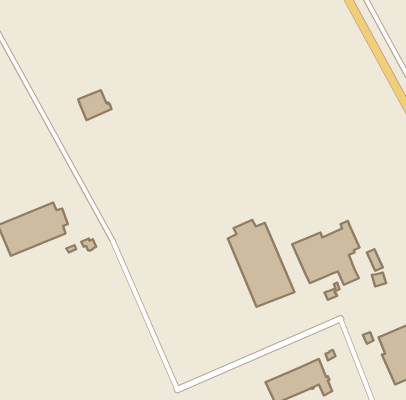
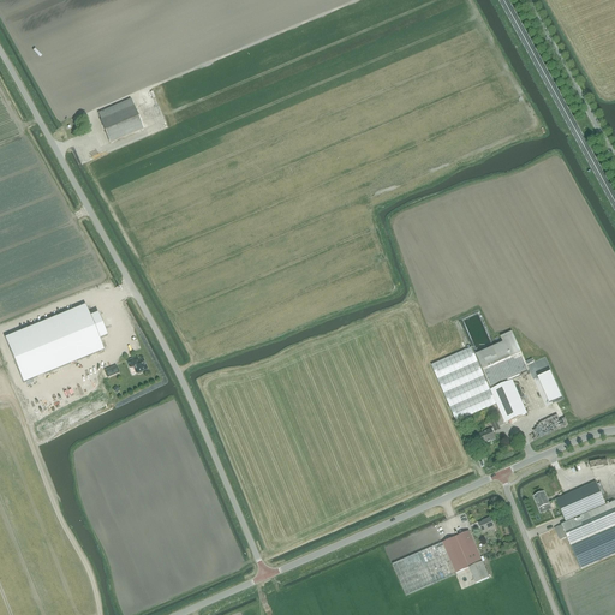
building: [78,90,112,120] -> [97,97,145,141]
building: [228,220,294,307] -> none

